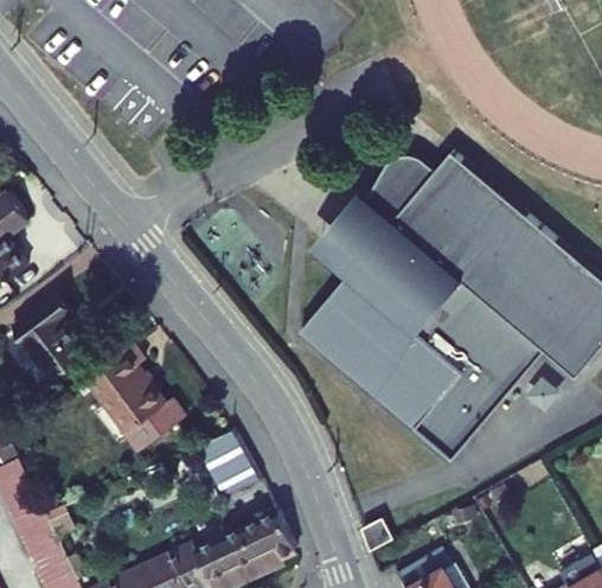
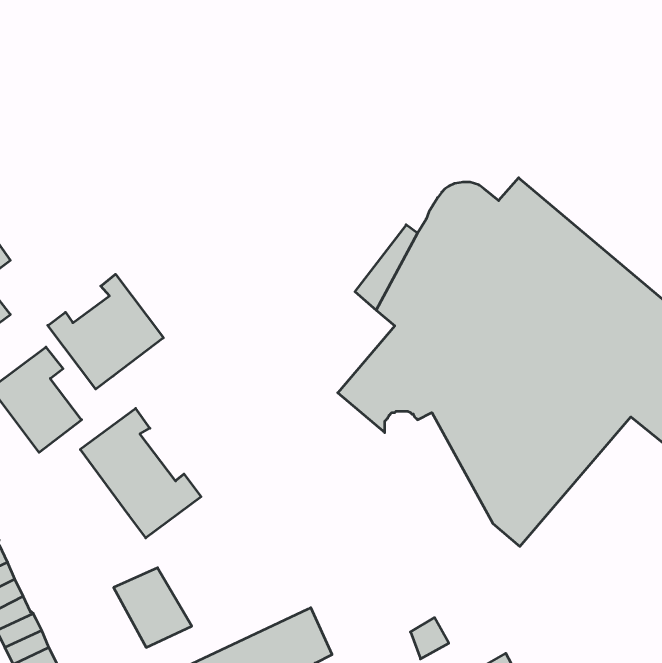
building: none -> [48,274,163,389]
building: [339,347,429,441] -> none
building: [196,430,261,497] -> [114,568,192,647]

